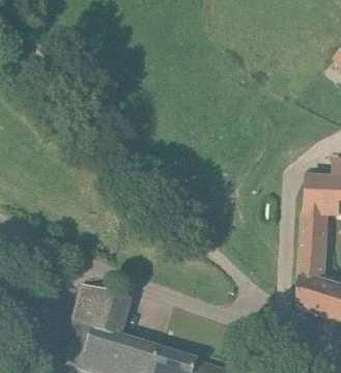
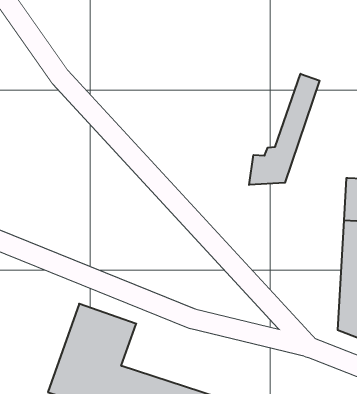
building: none -> [249,74,320,185]

